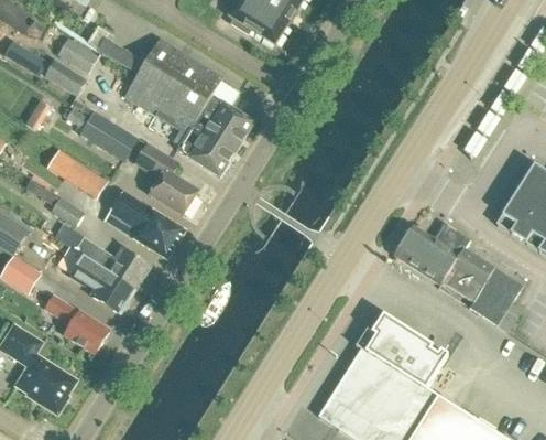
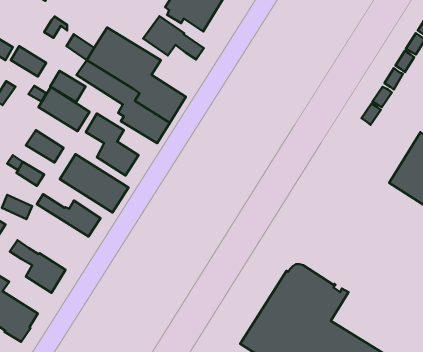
building: none -> [143,16,204,59]
building: [57,39,99,76] -> [50,71,85,102]
building: [393,223,522,324] -> none
building: [69,249,138,313] -> none

